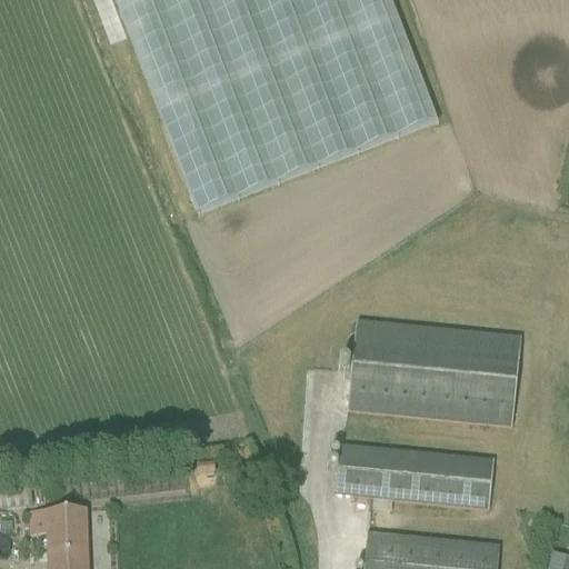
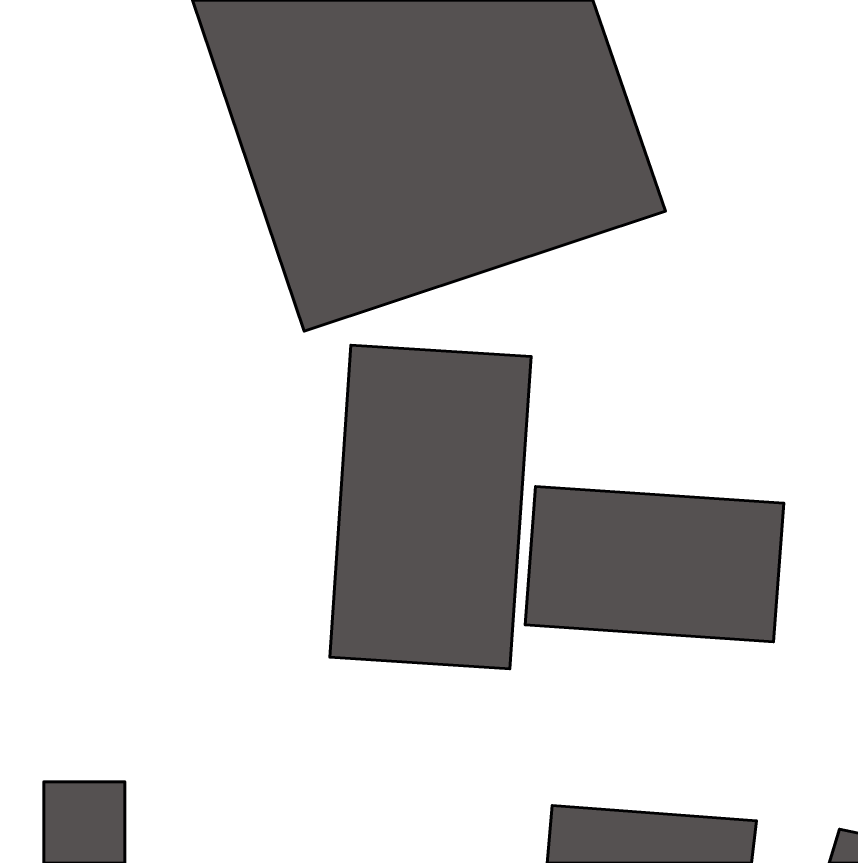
building: none -> [330,345,531,669]
building: [337,443,495,510] -> none

